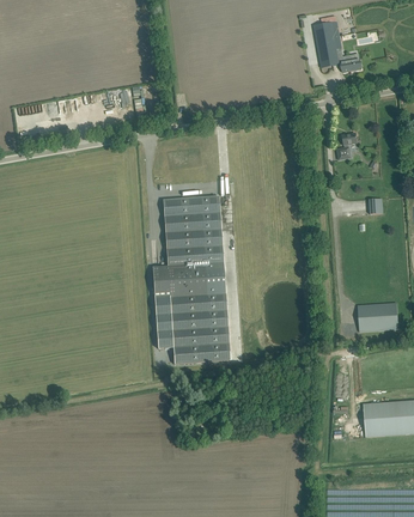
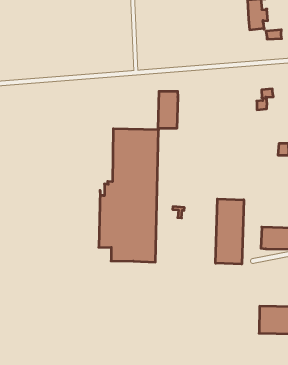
building: none -> [158,91,178,128]
building: none -> [216,199,244,264]

